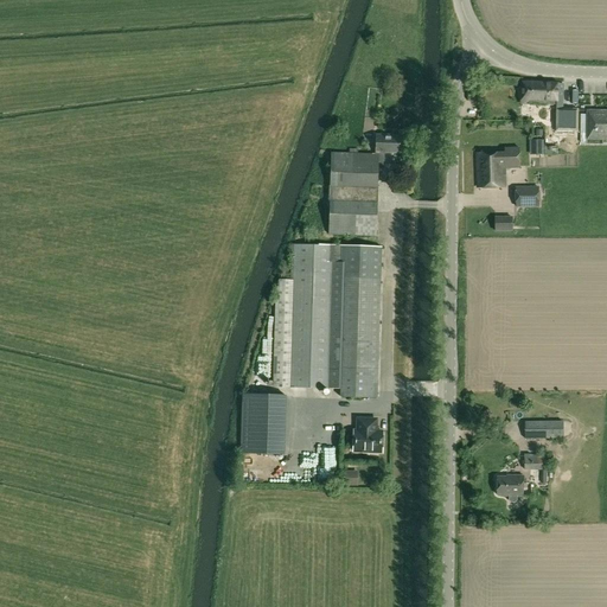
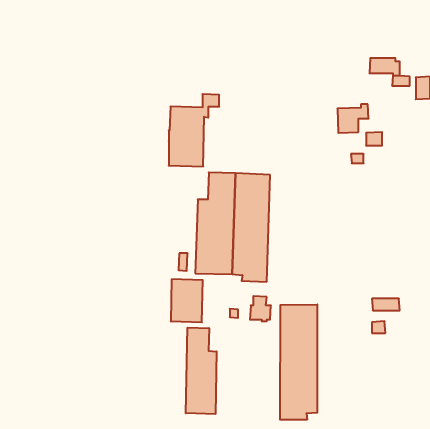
building: [328,134,400,236] -> [169,94,219,166]
building: none -> [280,304,317,420]
building: none -> [186,328,217,414]
building: [496,474,523,501] -> none

